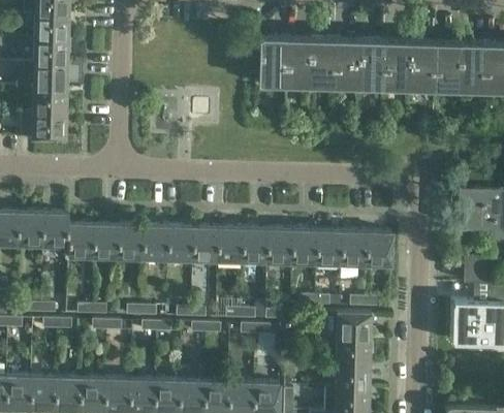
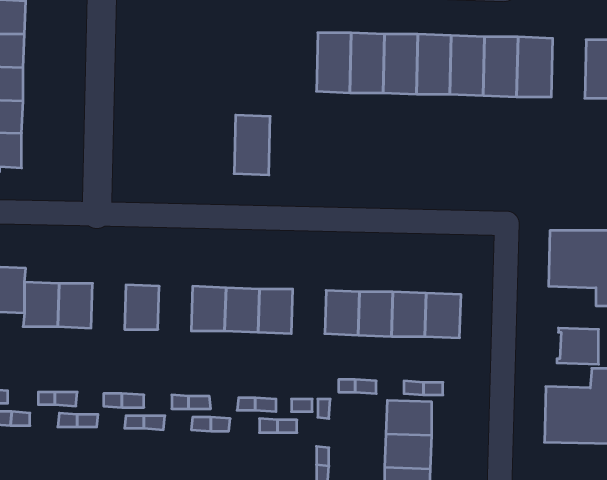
building: [259,39,286,84] -> [234,115,270,175]
building: [460,44,485,89] -> none
building: [118,226,144,260] -> none
building: [167,228,193,261] -> none
building: [266,230,292,263] -> none

